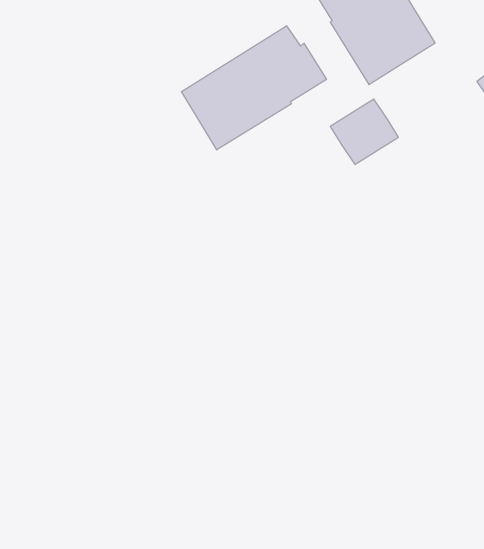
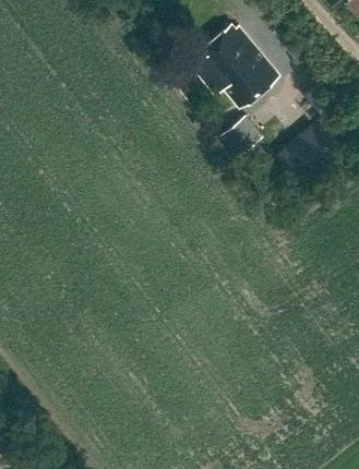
building: [181,26,326,150] -> none

